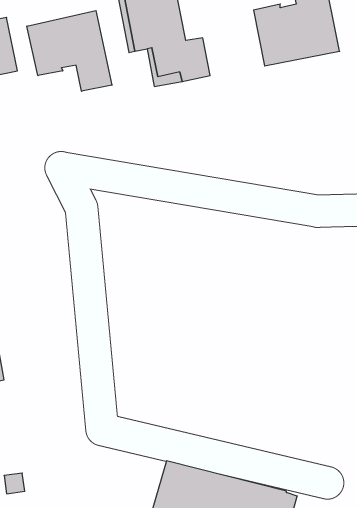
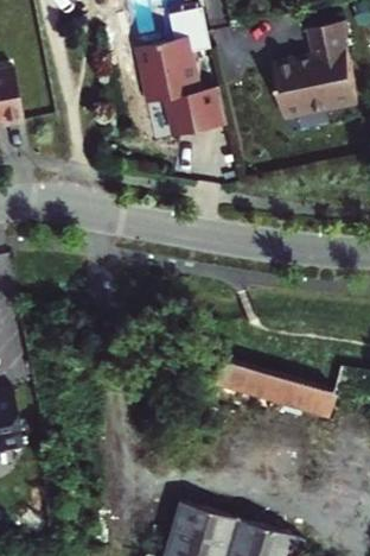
building: [27,11,112,91] -> none
building: none -> [212,359,333,423]

